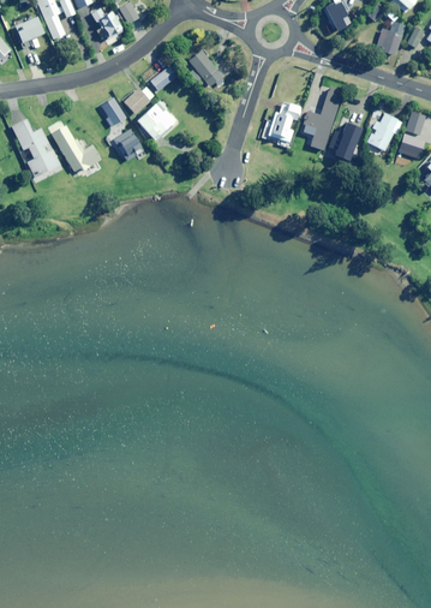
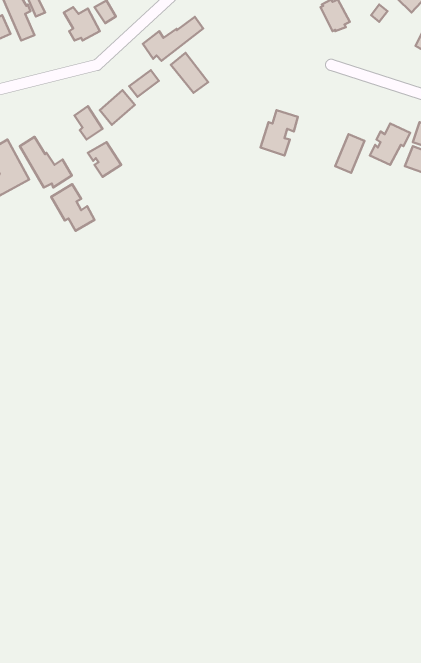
building: none -> [143,17,203,61]
building: [378,22,406,55] -> none
building: [303,88,345,150] -> none
building: [138,101,176,141] -> none
building: none -> [51,184,94,231]

